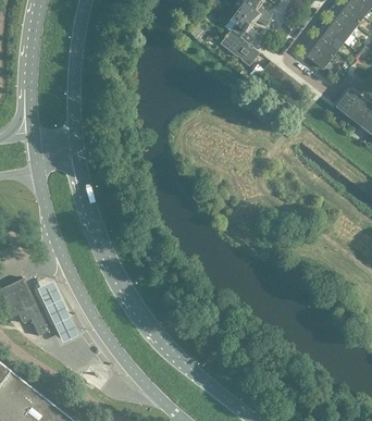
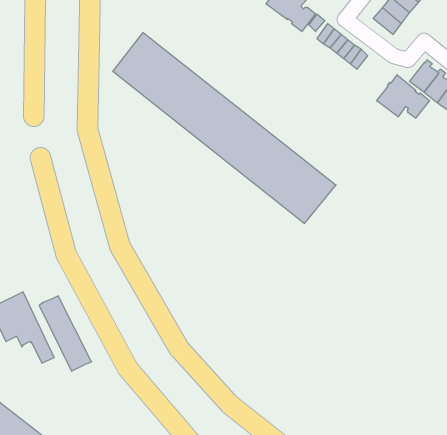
building: none -> [113,33,336,224]
building: none -> [377,75,430,118]

